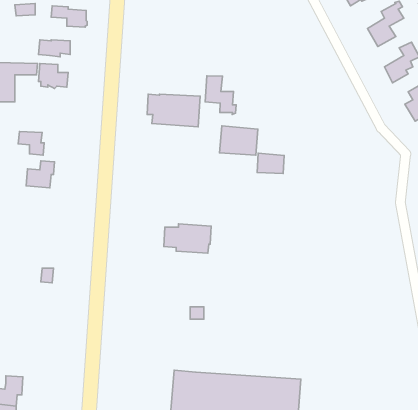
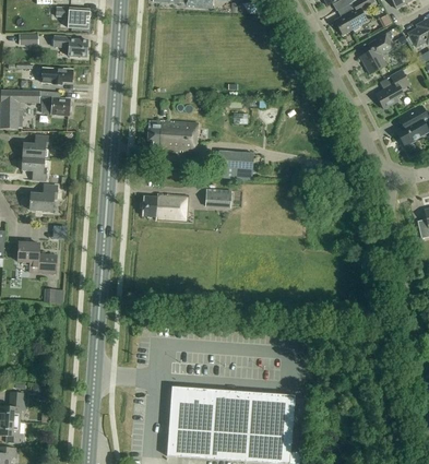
building: [205,76,236,115] -> none
building: none -> [23,134,50,157]
building: [257,153,284,173] -> [205,188,231,207]
building: none -> [17,241,57,273]
building: [164,224,211,253] -> [142,192,188,221]

